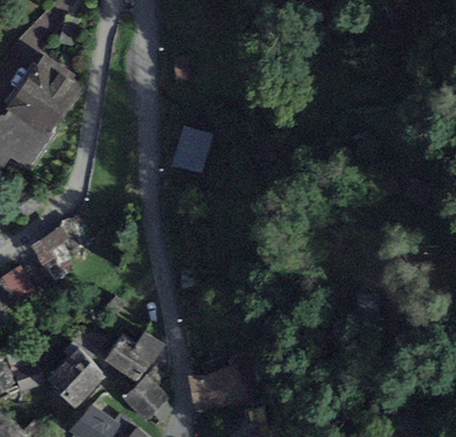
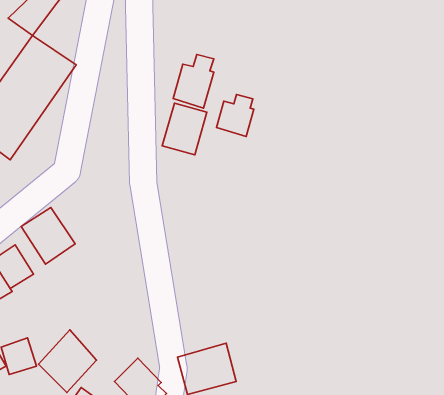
building: none -> [173,54,214,108]
building: none -> [217,94,254,136]
building: [103,332,162,382] -> none

